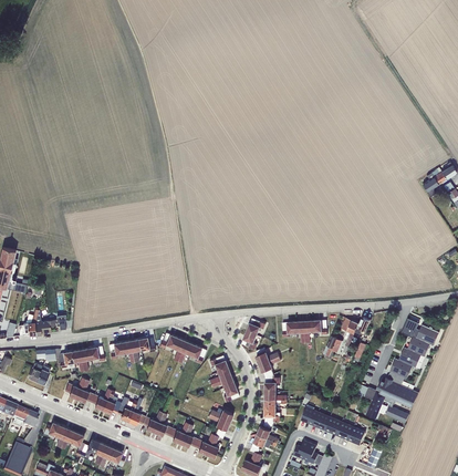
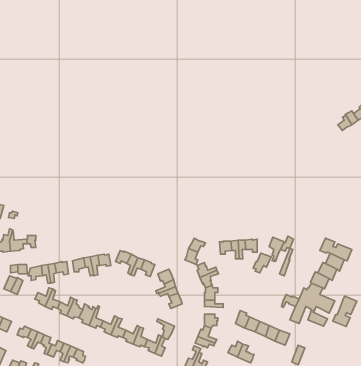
building: none -> [333,296,357,326]

